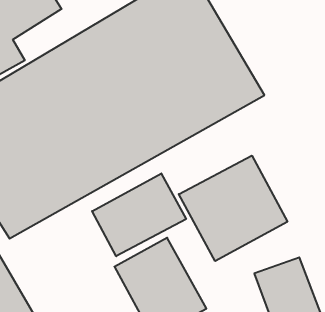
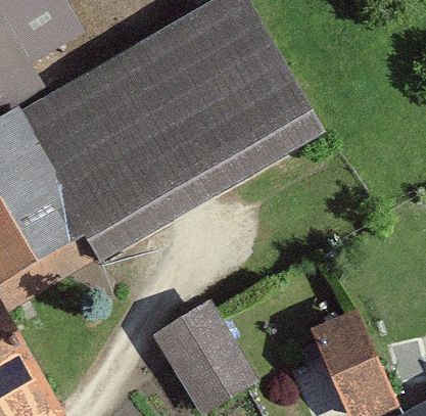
building: [179,156,287,261] -> none
building: [92,173,186,256] -> none

